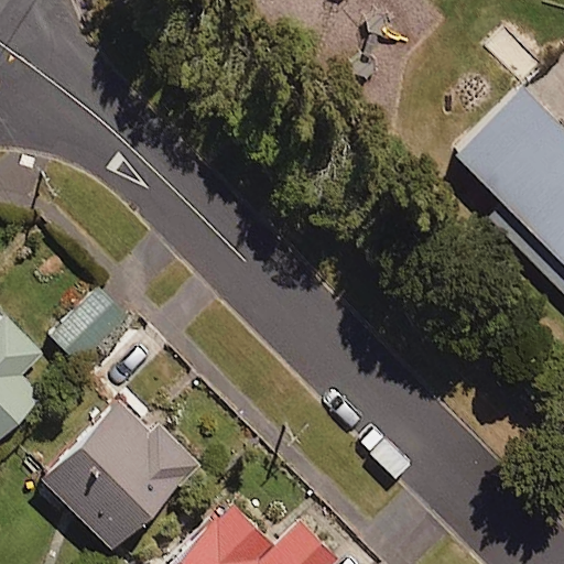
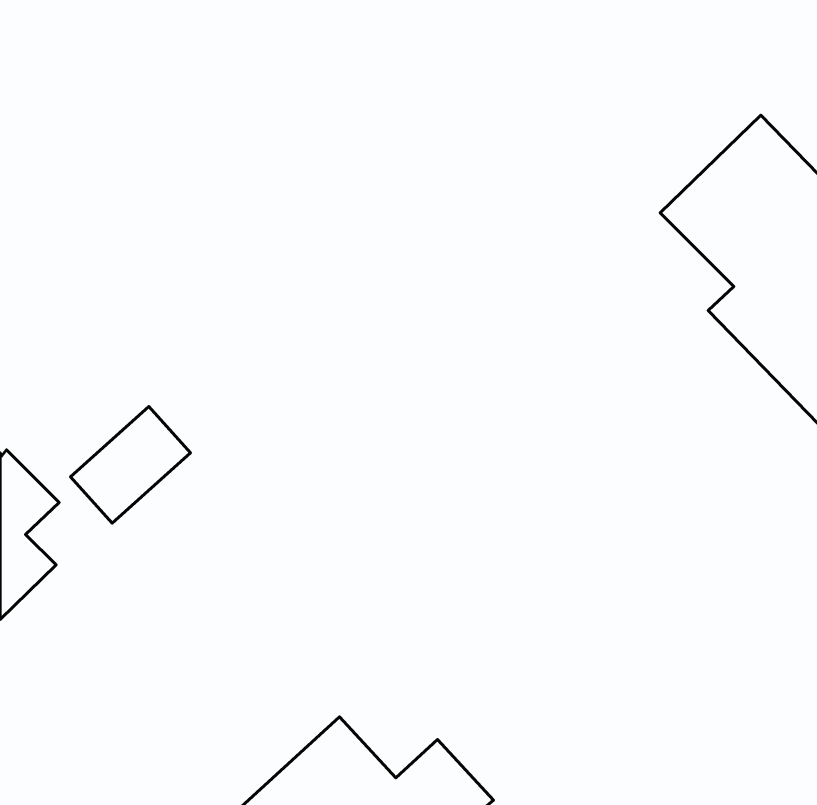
building: [37,398,202,554] -> none

